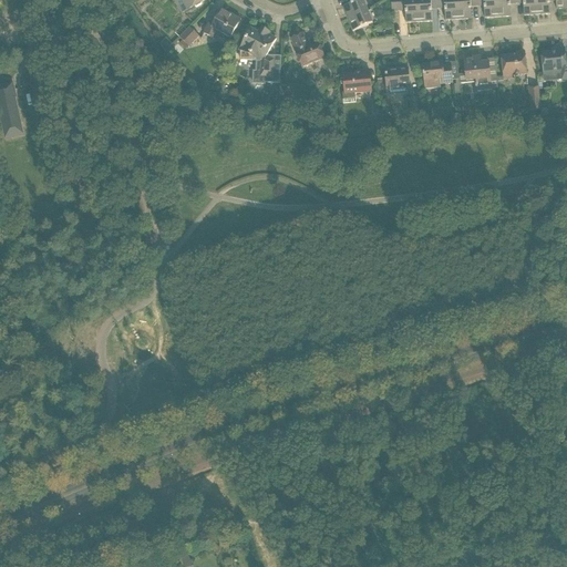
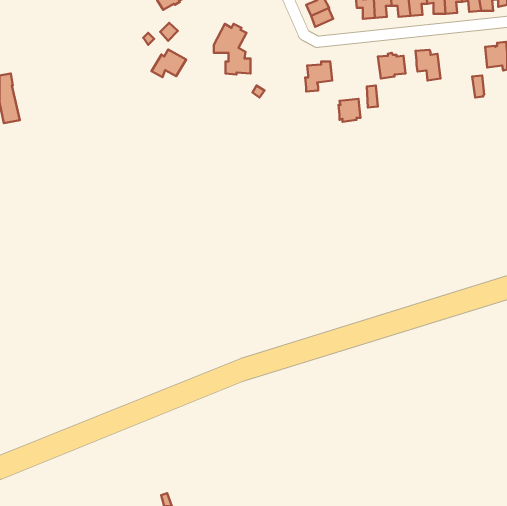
building: [202,7,240,38] -> [151,49,186,77]
building: [290,31,323,65] -> none
building: [501,52,525,78] -> none
building: [384,66,409,92] -> [339,99,360,122]

